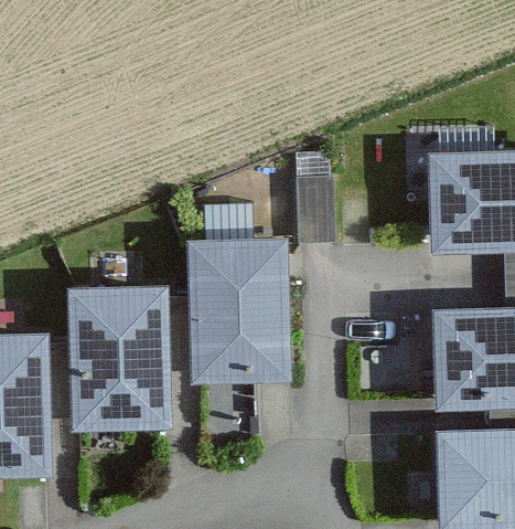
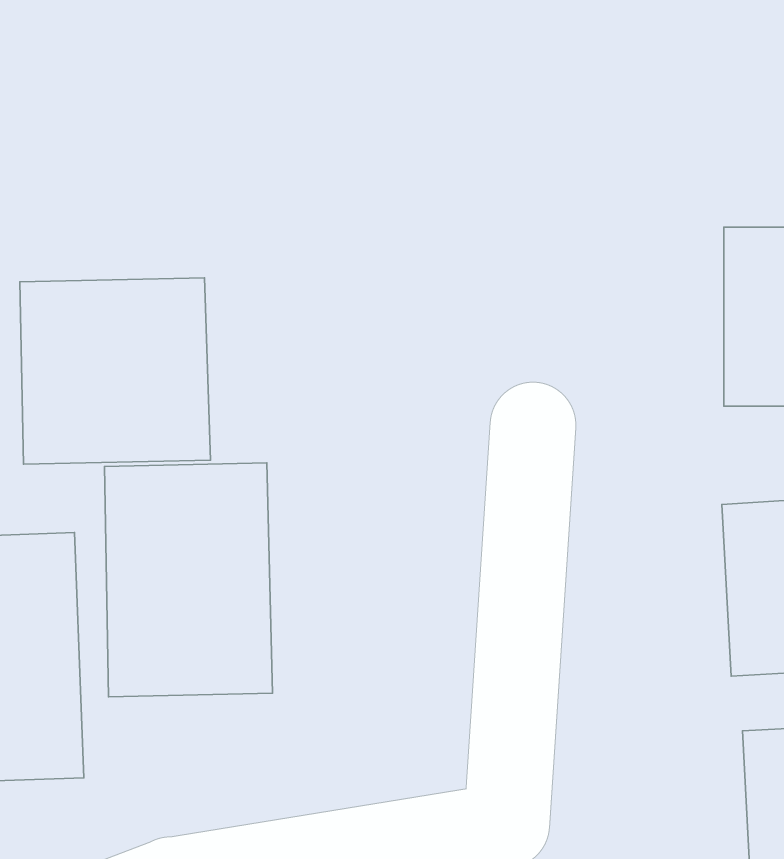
building: none -> [20,278,211,464]
building: [194,245,289,382] -> none

